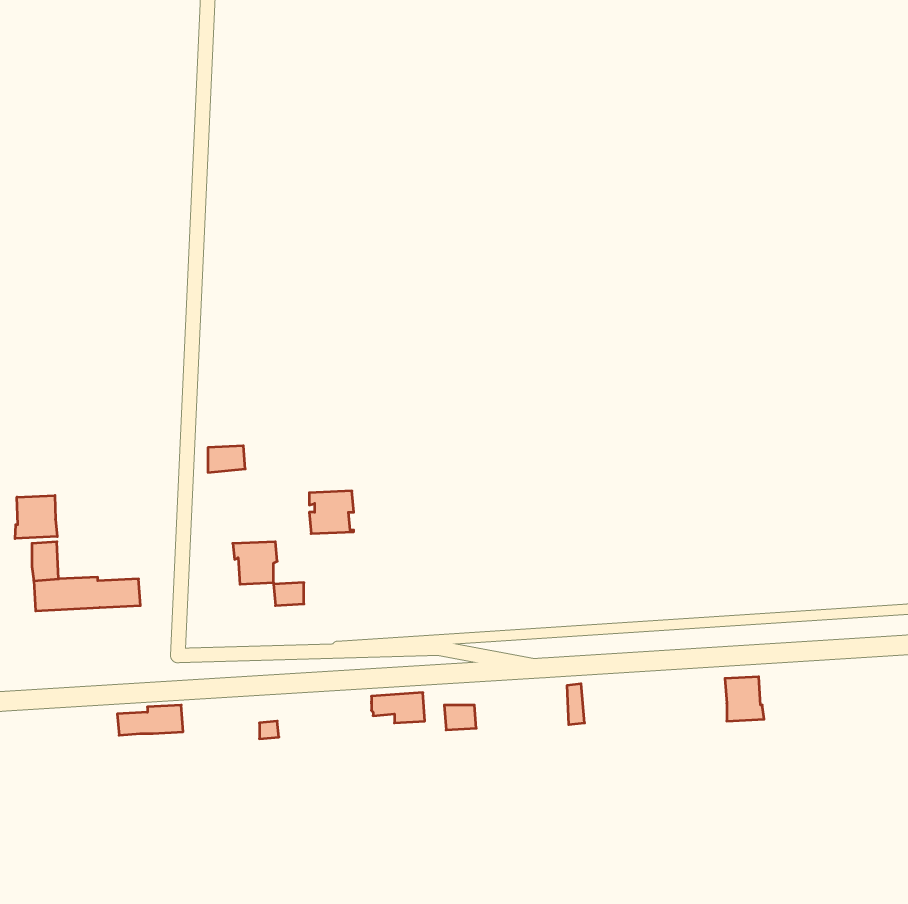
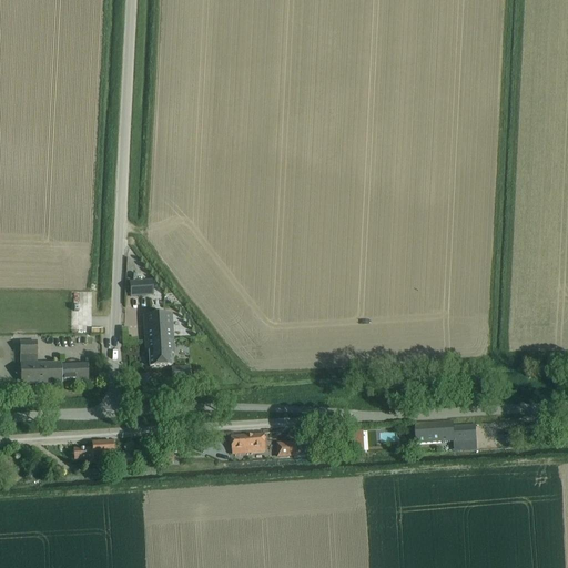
building: [309,491,354,534] -> [144,313,172,339]
building: [15,495,57,539] -> none
building: none -> [415,420,454,440]

